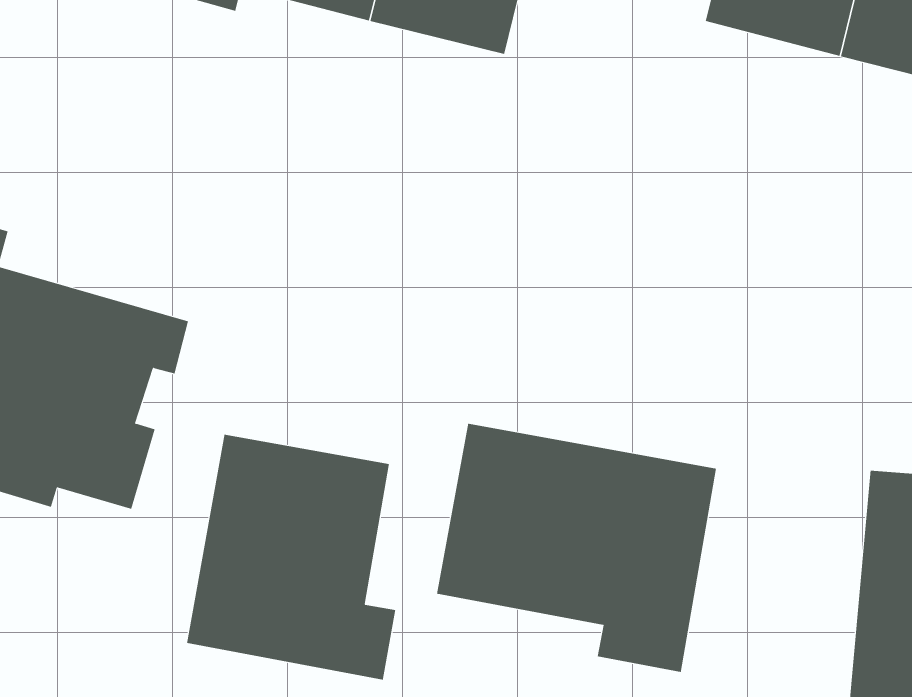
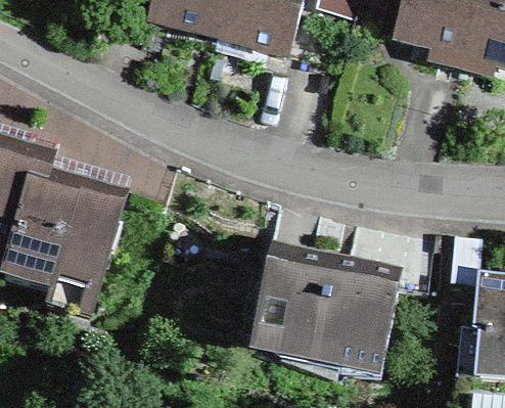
building: [186,434,396,680] -> none

